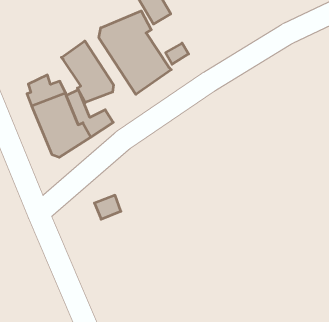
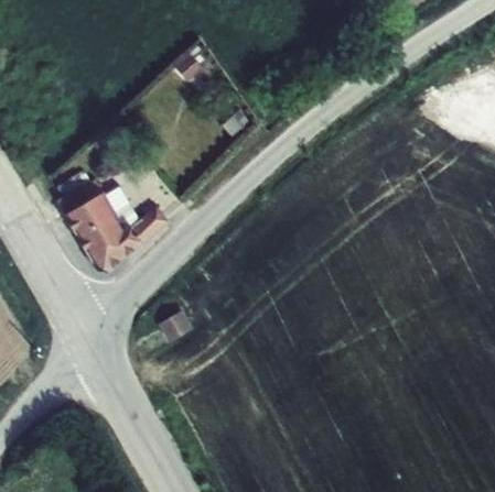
building: [99,11,171,94] -> none
building: [61,41,113,103] -> none

